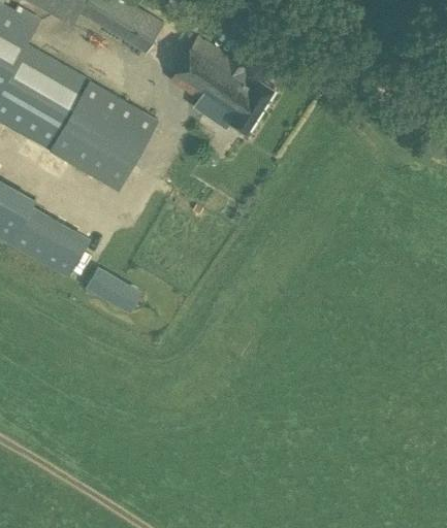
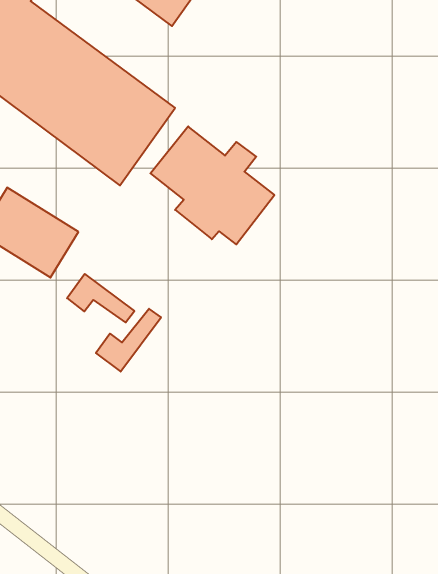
building: [170,37,275,130] -> [150,126,274,244]
building: none -> [96,309,161,372]

